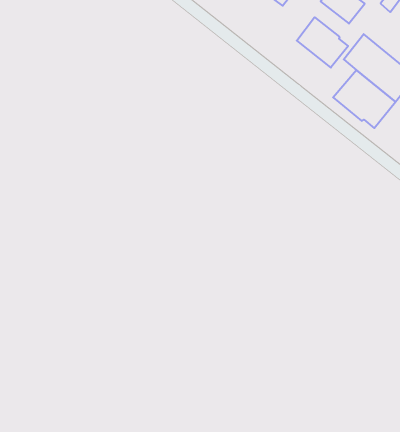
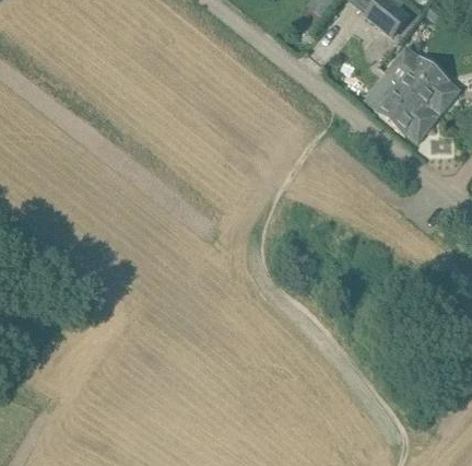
building: [297,17,348,68] -> none

